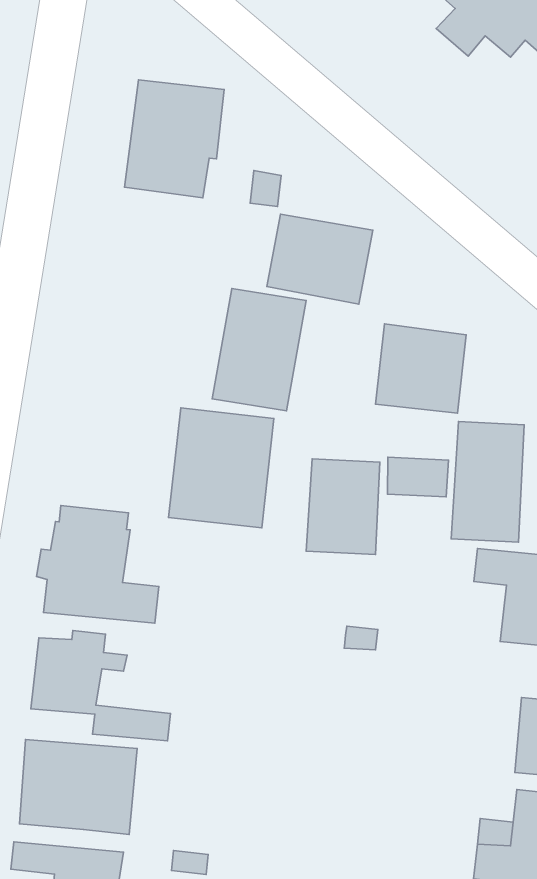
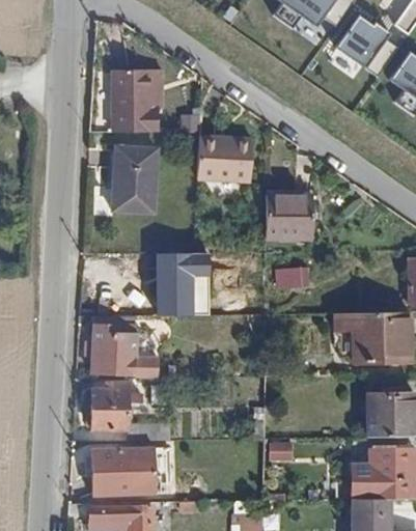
building: [212,288,306,411] -> [111,146,158,212]
building: [451,421,524,542] -> none
building: [306,459,380,555] -> none

